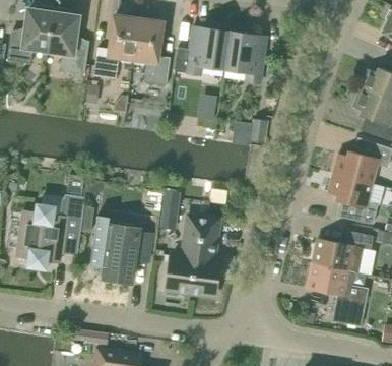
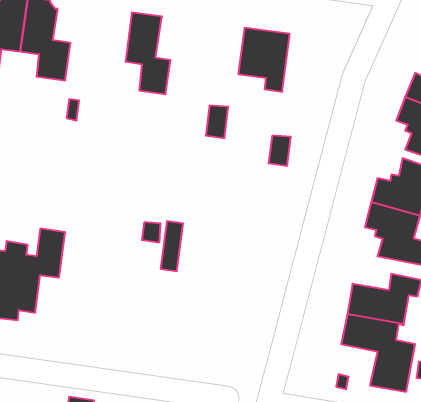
building: [93,15,138,79] -> none
building: [174,26,230,75] -> none
building: [89,216,151,283] -> none
building: [167,217,219,295] -> none

